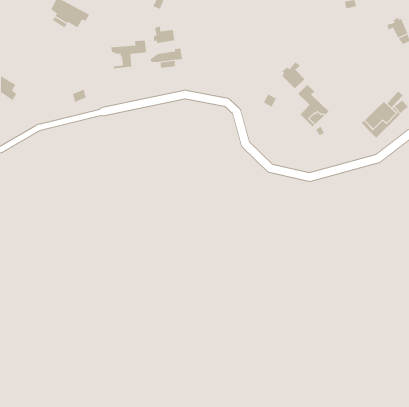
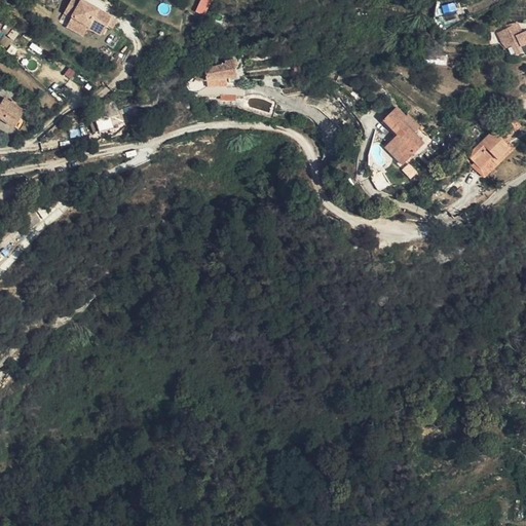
building: [153,26,175,44] -> none
building: [111,40,147,69] -> none
building: [281,61,305,89] -> none

